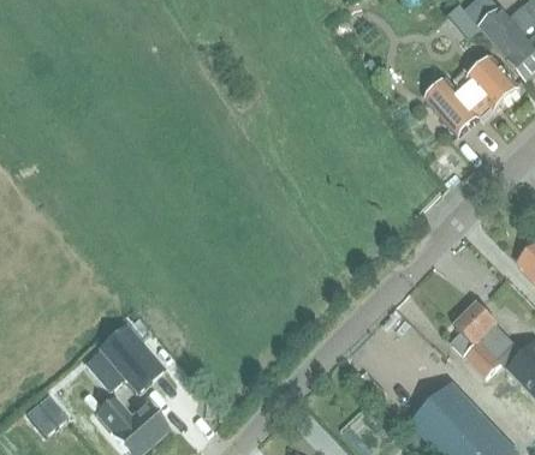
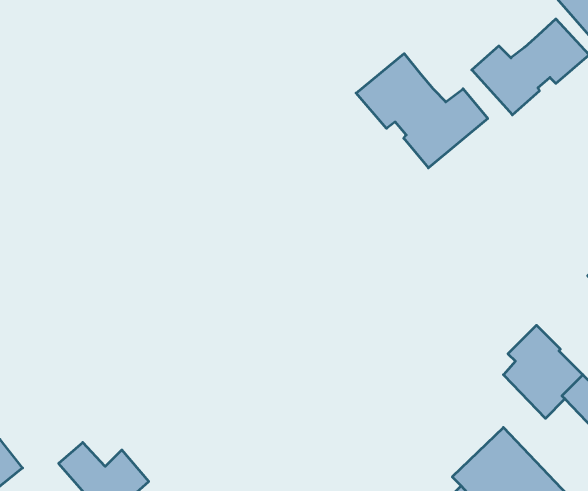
building: none -> [356,54,488,168]
building: [85,323,165,391] -> none

